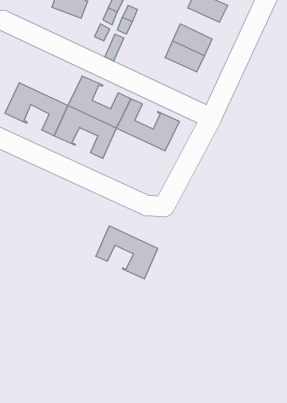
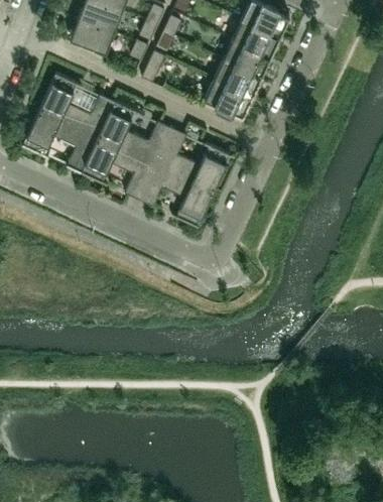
building: none -> [70,17,113,51]
building: none -> [232,18,279,55]
building: none -> [38,73,114,135]
building: none -> [204,78,252,116]
building: [96,226,158,279] -> [139,162,214,226]

